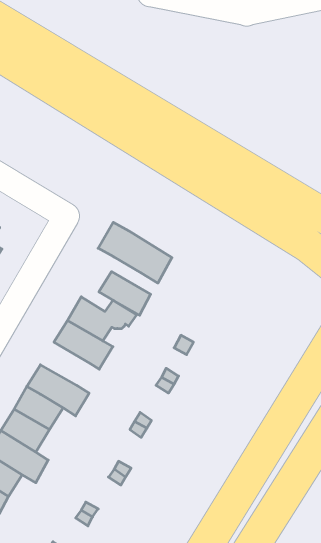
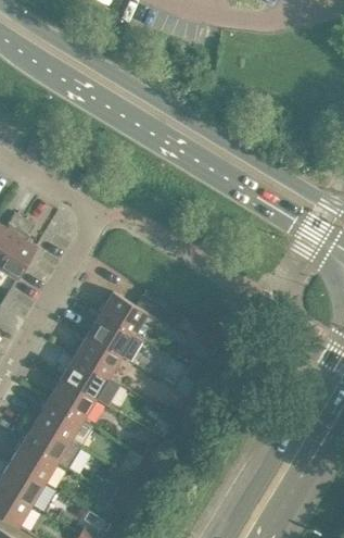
building: [98,222,172,283] -> none
building: [99,272,151,315] -> none
building: none -> [73,337,120,378]

